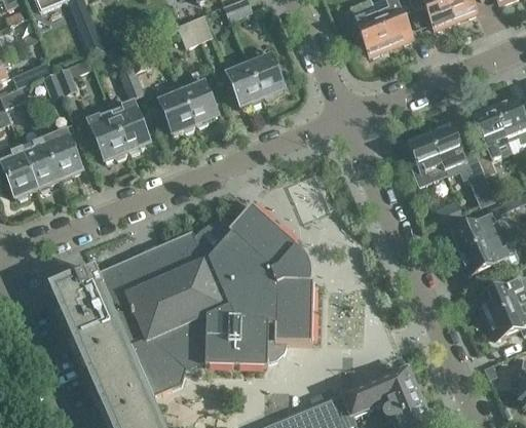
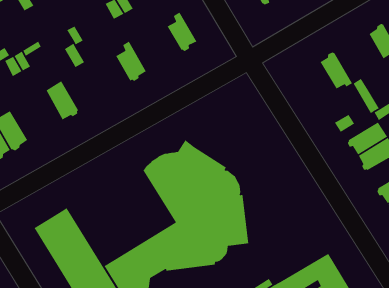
building: [224,61,262,105] -> none
building: [156,88,194,133] -> none
building: [111,102,150,152] -> none
building: [473,107,508,176] -> none
building: [43,130,82,181] -> none
building: [409,132,447,185] -> none
building: [98,230,225,345] -> none

